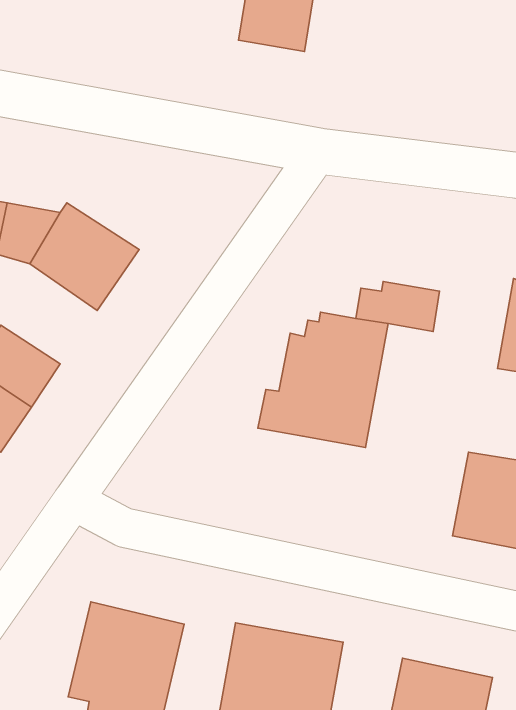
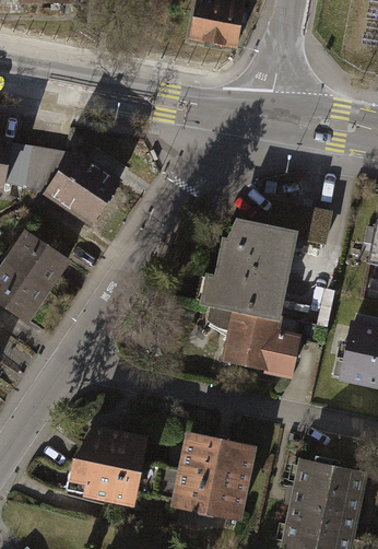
building: none -> [222,309,296,372]

